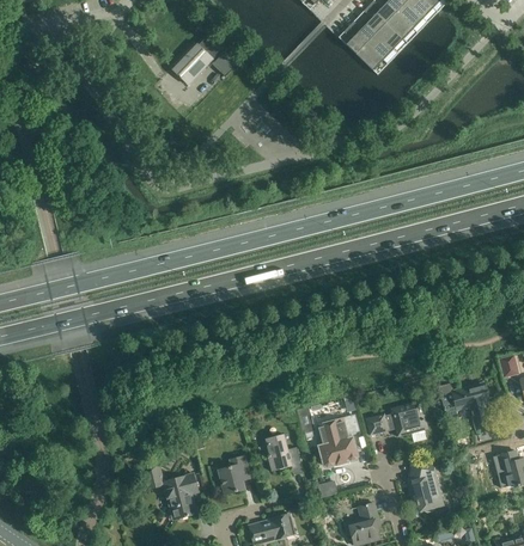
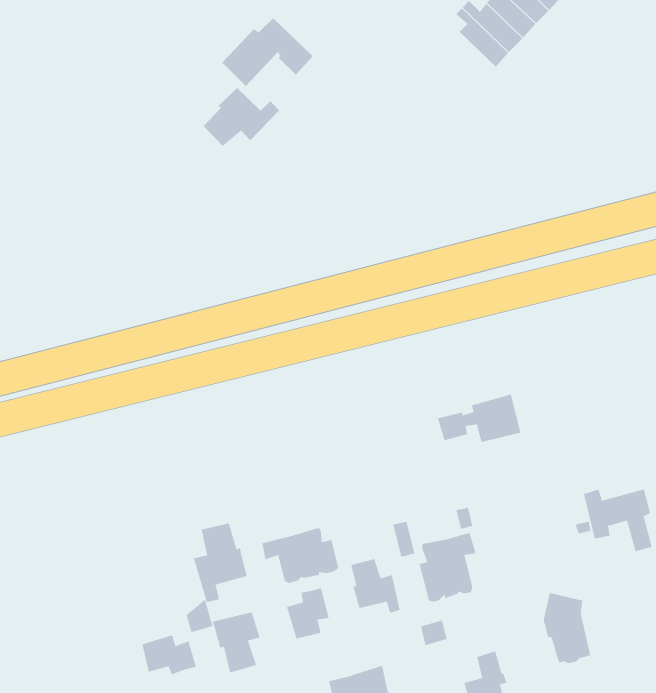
building: none -> [203,87,280,147]
building: [365,400,427,436] -> [437,394,521,442]
building: none -> [193,522,247,603]
building: none -> [262,527,339,584]
building: none -> [142,634,197,675]

